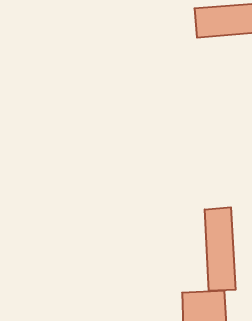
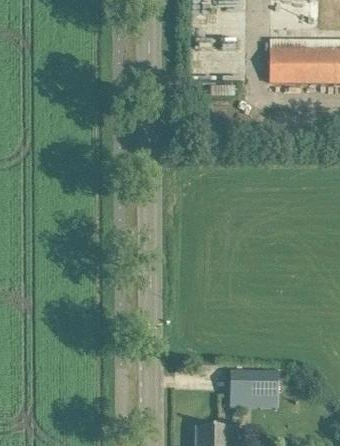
building: [205,207,236,291] -> none

